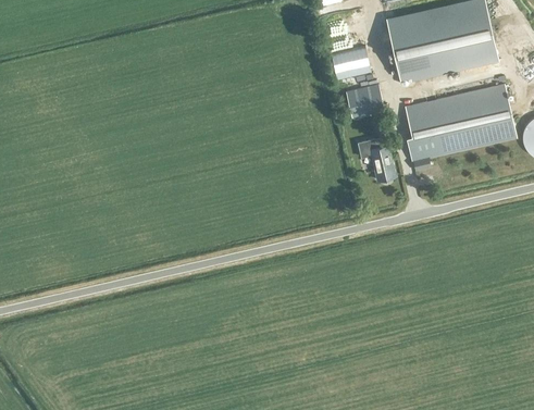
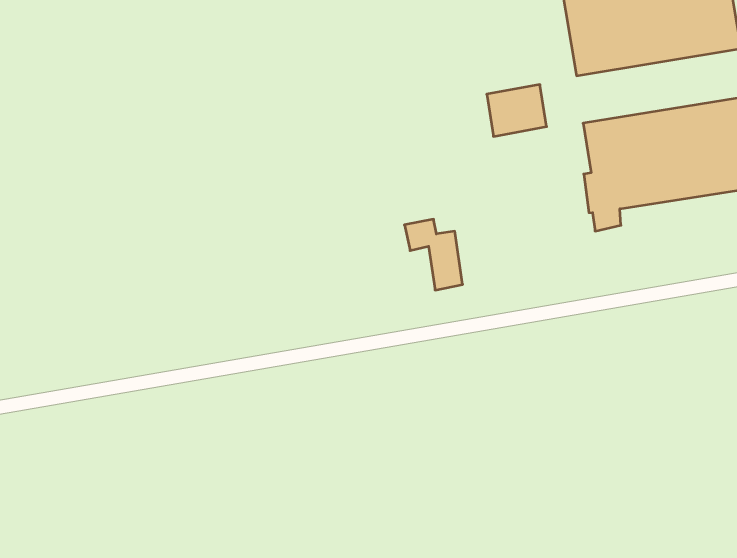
building: [331,48,371,77] -> none
building: [357,138,394,181] -> [404,219,463,290]

